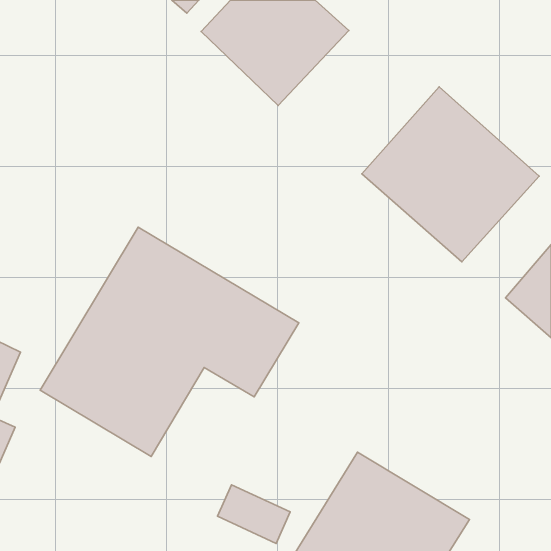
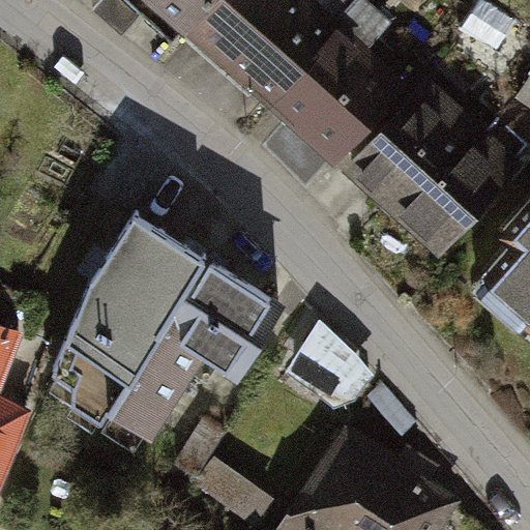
building: none -> [272,38,401,166]
building: none -> [290,325,381,412]

